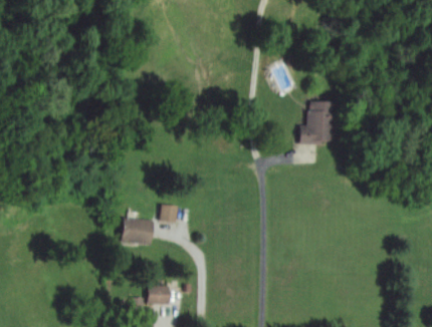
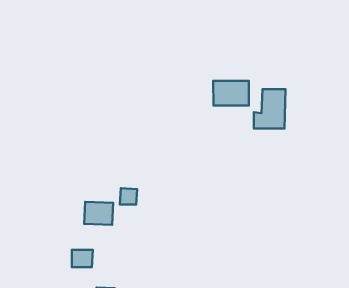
building: none -> [213,81,249,106]
building: [148,286,170,304] -> [72,250,93,267]

